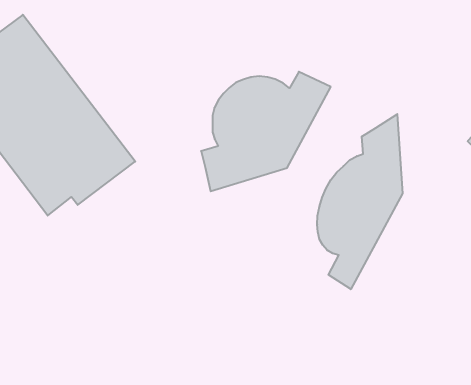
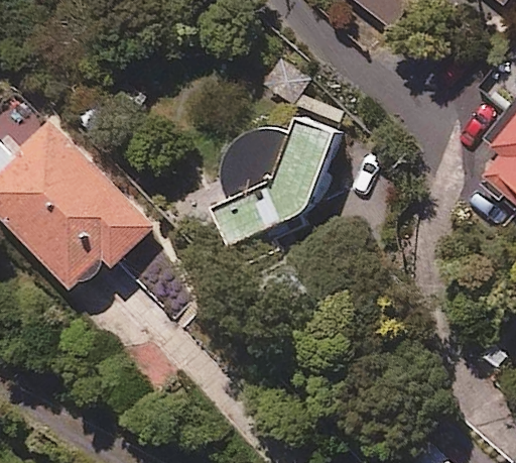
building: [317,114,402,289] -> none

